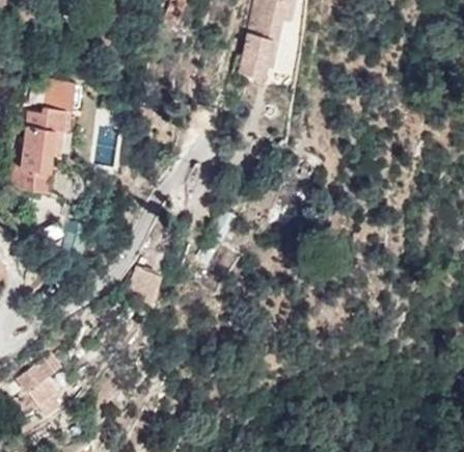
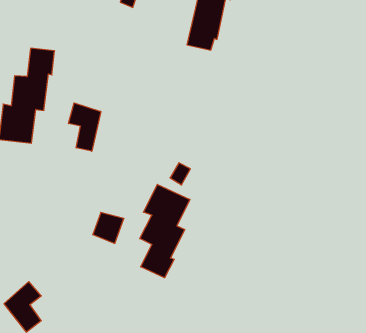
building: none -> [69,103,101,151]
building: none -> [140,184,190,278]

